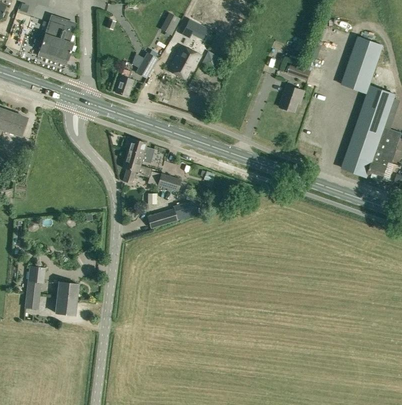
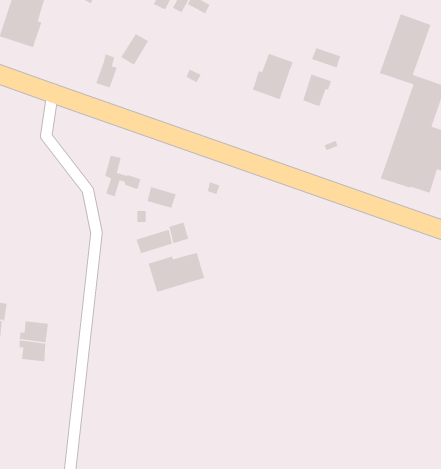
building: [168,45,200,80] -> none
building: none -> [252,53,294,100]
building: [127,138,154,165] -> none
building: none -> [148,252,205,293]

